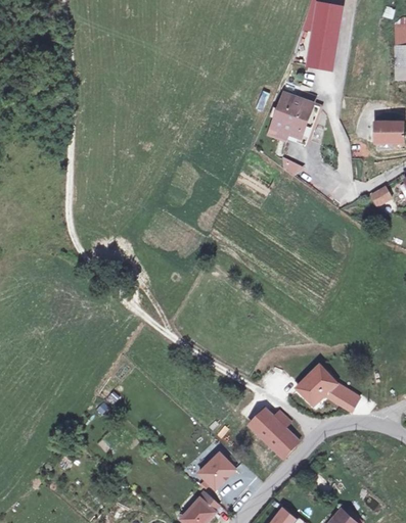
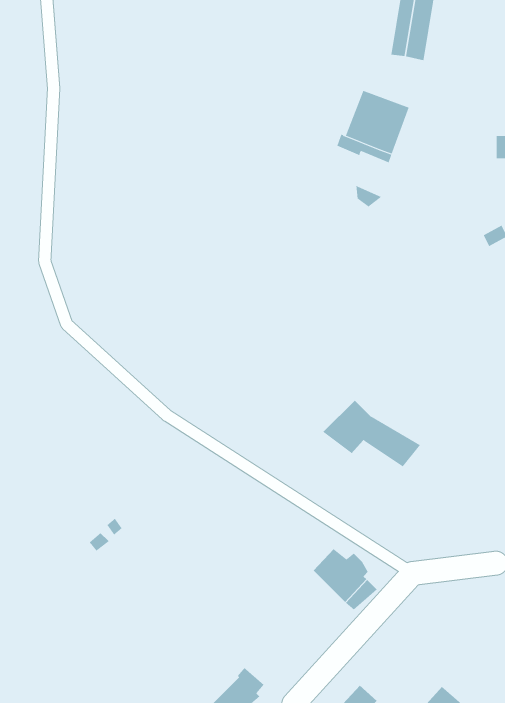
building: [292,368,361,415] -> [323,400,421,467]
building: [197,453,233,489] -> none

